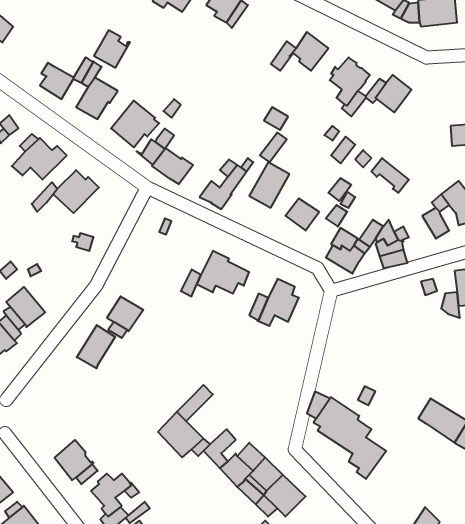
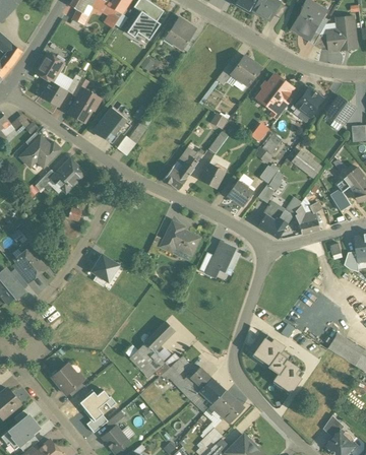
building: [94,30,130,68] -> [36,53,63,81]
building: none -> [328,95,355,123]
building: [152,148,193,184] -> none
building: [77,325,115,368] -> none

